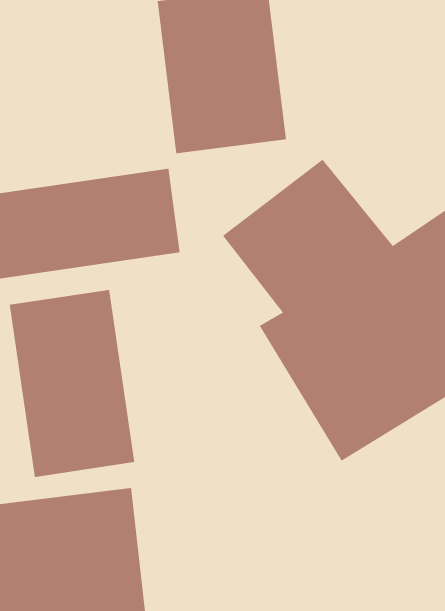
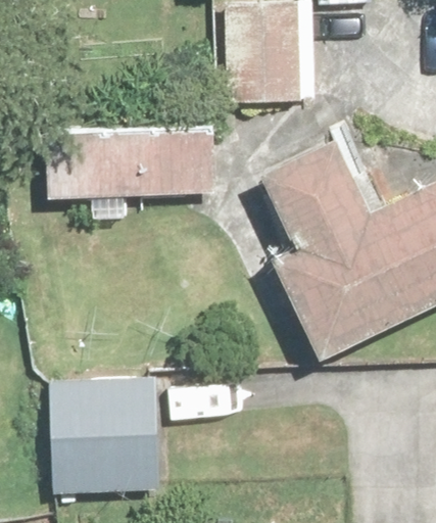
building: [9,289,135,478] -> none

